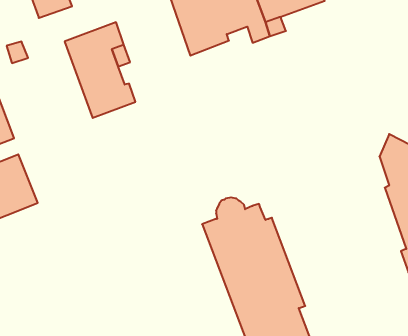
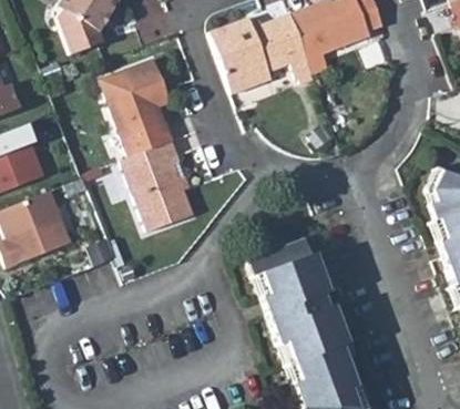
building: none -> [121,139,192,228]

